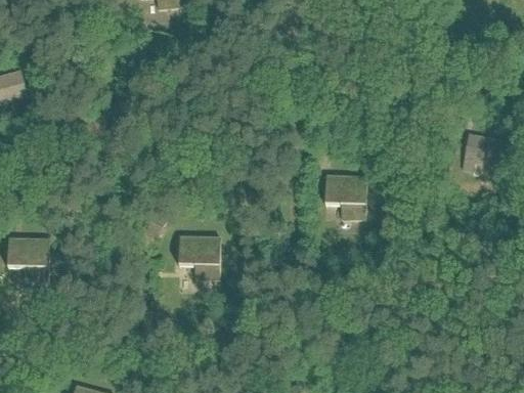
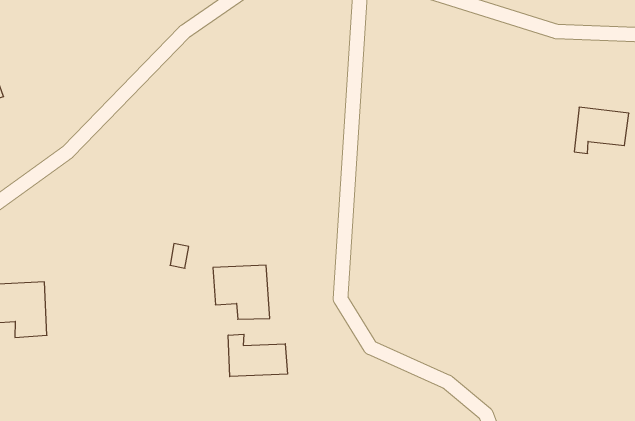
building: [324,175,365,218] -> none
building: none -> [228,334,287,377]

